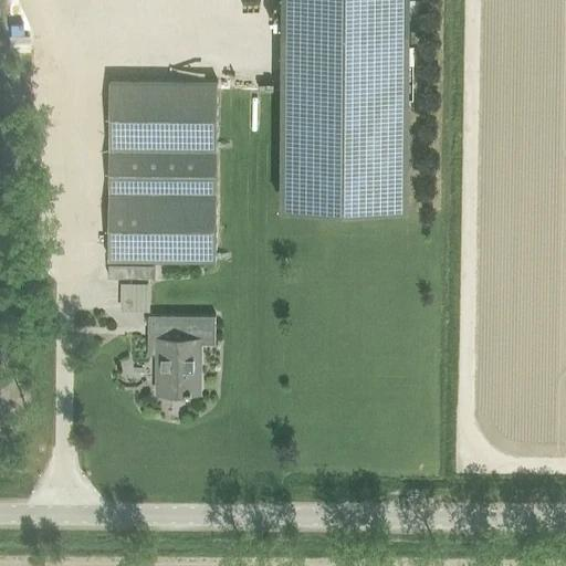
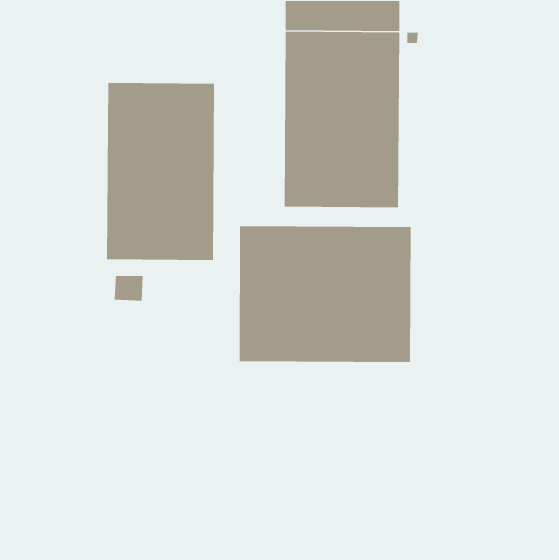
building: none -> [239,225,411,363]
building: [147,317,214,396] -> none

